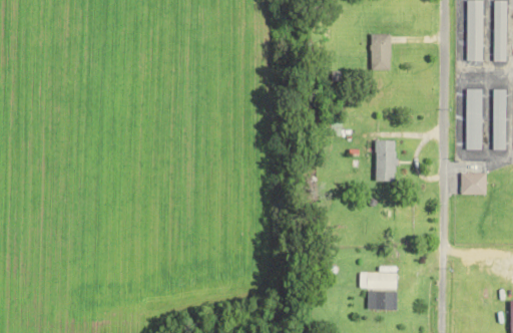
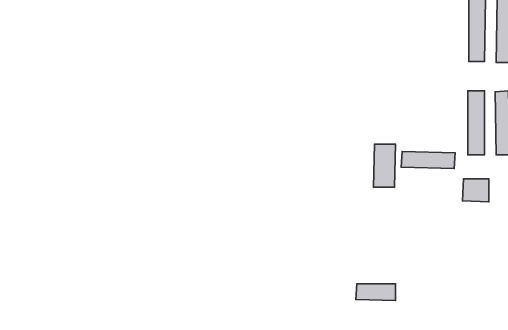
building: [371,33,391,70] -> none
building: none -> [401,151,455,168]
building: [368,291,398,310] -> none

